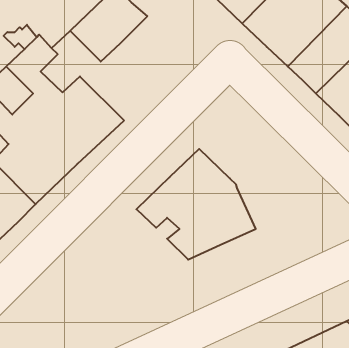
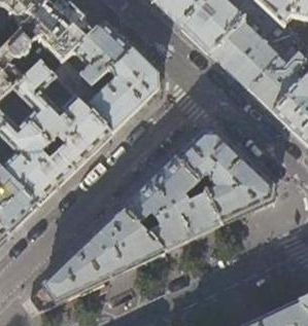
building: none -> [52,46,159,134]
building: none -> [175,131,276,224]
building: none -> [30,208,166,310]

